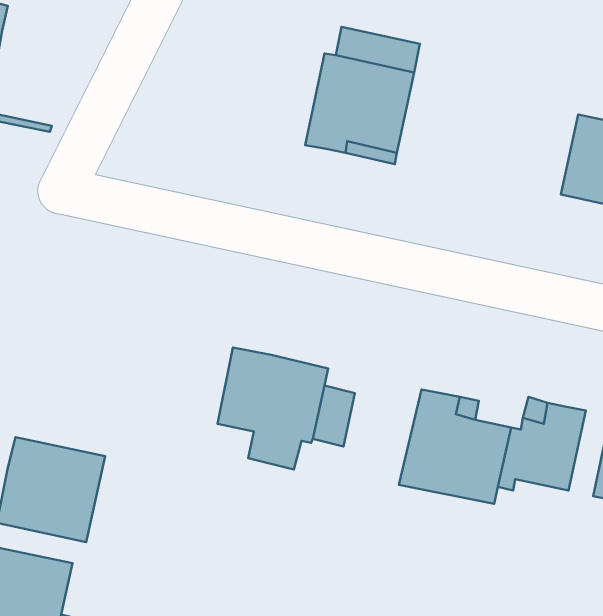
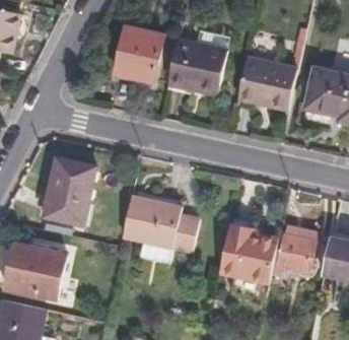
building: none -> [115,27,161,82]
building: none -> [239,62,298,116]
building: none -> [43,158,95,225]

